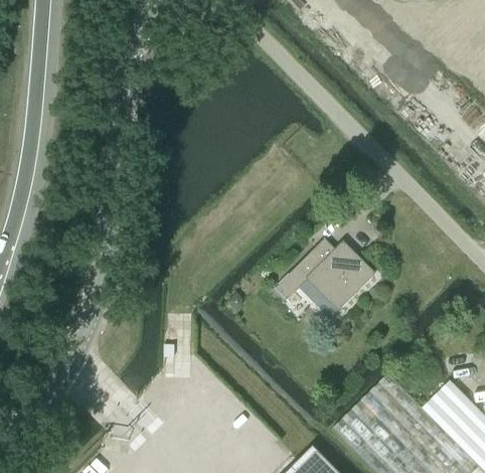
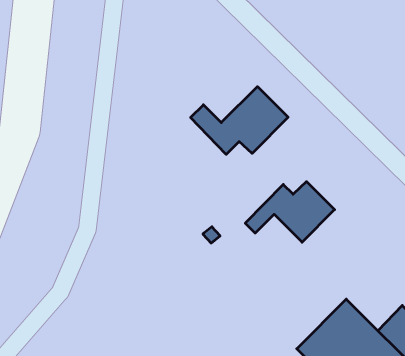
building: none -> [191,87,288,154]

